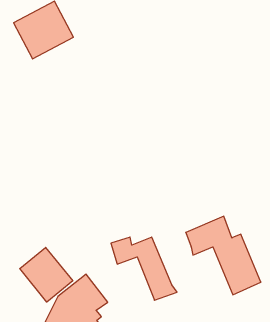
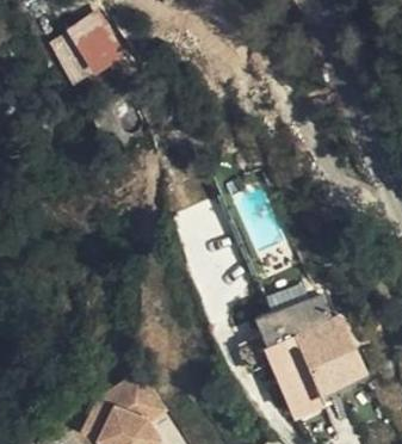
building: [111,237,177,300] -> [251,337,338,420]
building: [20,247,73,302] -> none

